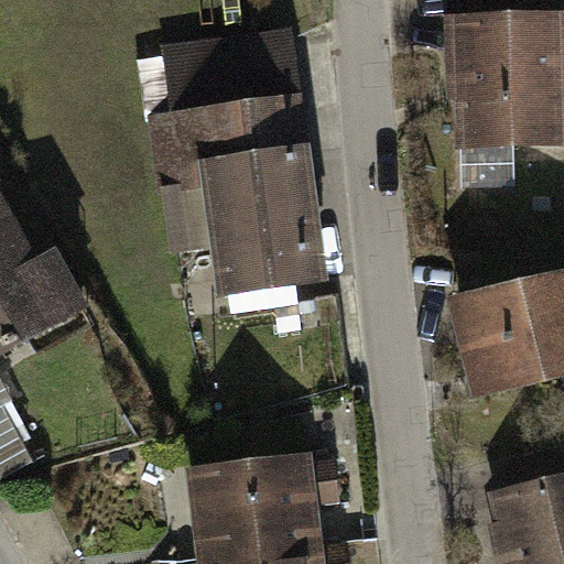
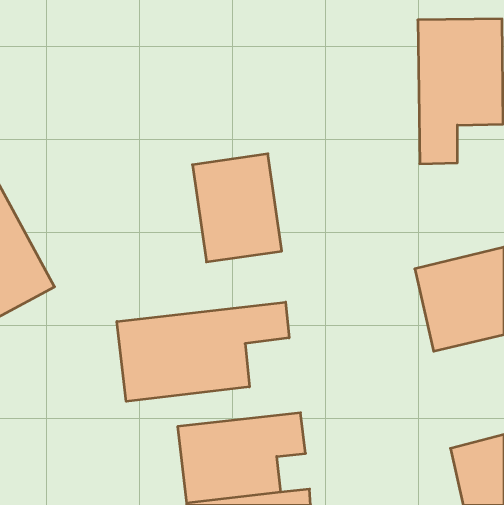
building: [160,43,297,188] -> none
building: none -> [117,302,289,401]

